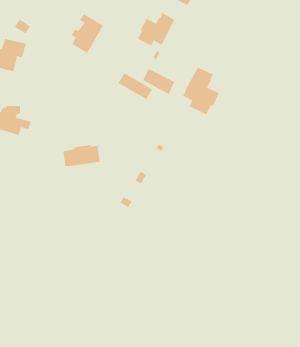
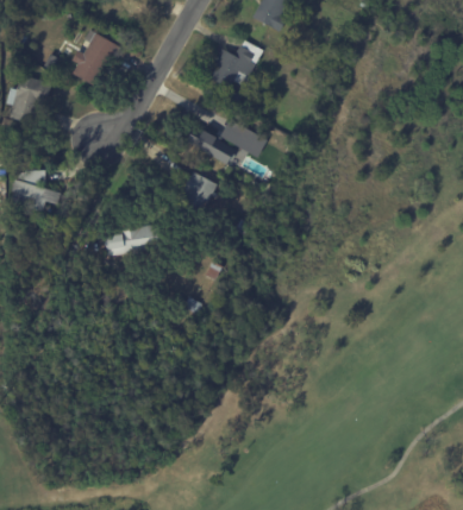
building: [71,13,104,54] -> [73,29,119,86]
building: [182,66,220,115] -> none
building: none -> [182,170,219,213]

